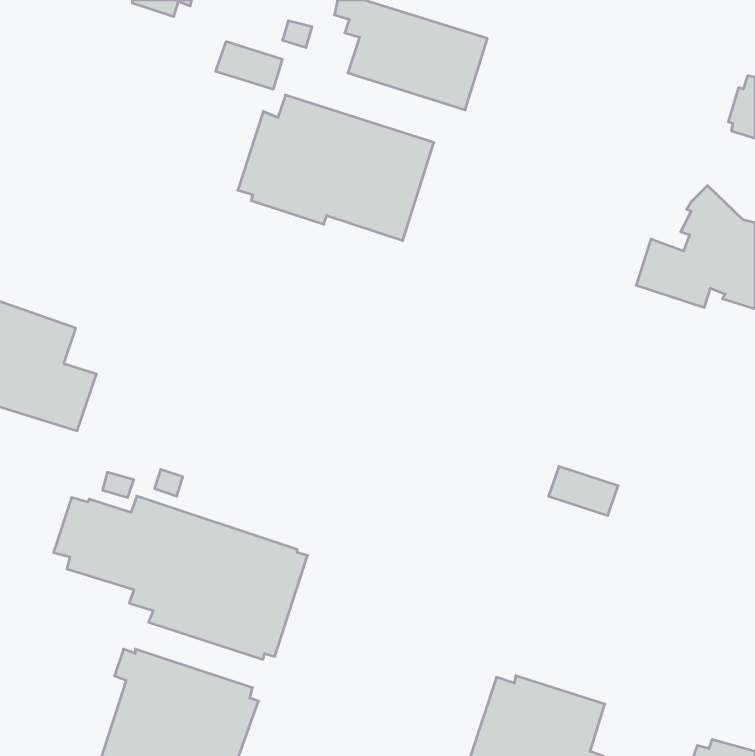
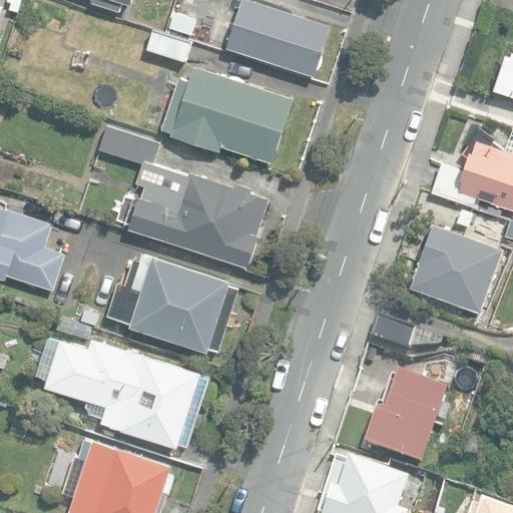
building: none -> [100,125,266,268]
building: none -> [408,224,501,314]
building: none -> [127,253,235,353]
building: none -> [364,373,448,465]

